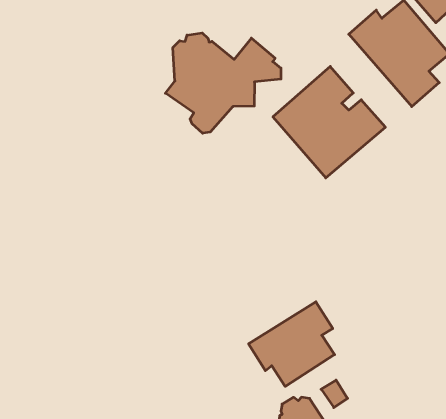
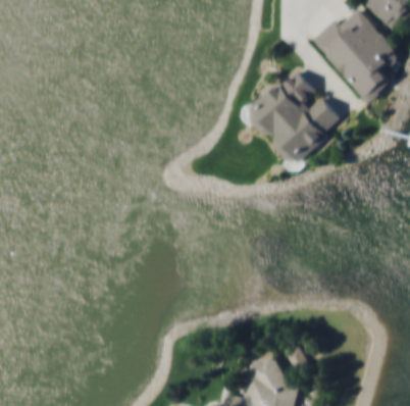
building: [165,33,281,133] -> none
building: [249,302,335,386] -> none

